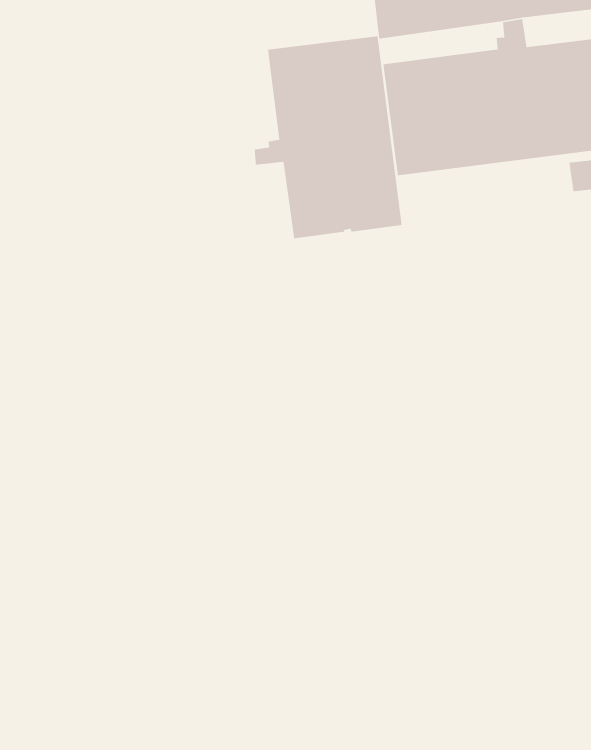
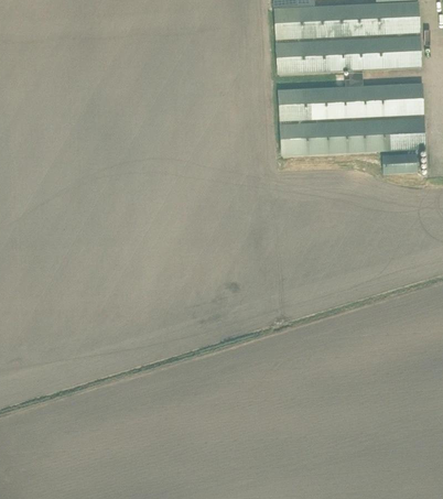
building: [254,35,402,239] -> none

